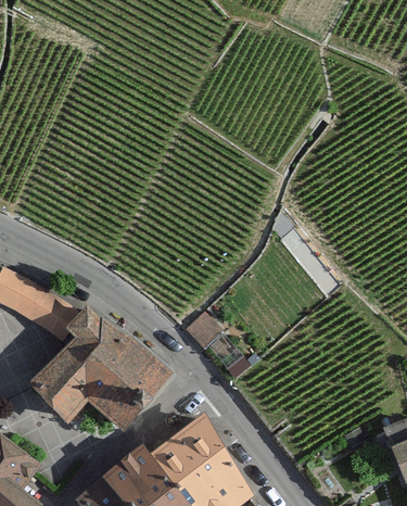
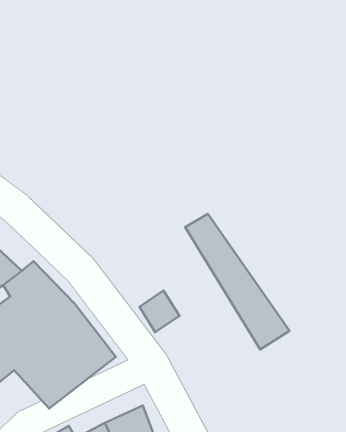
building: none -> [185,214,289,349]

